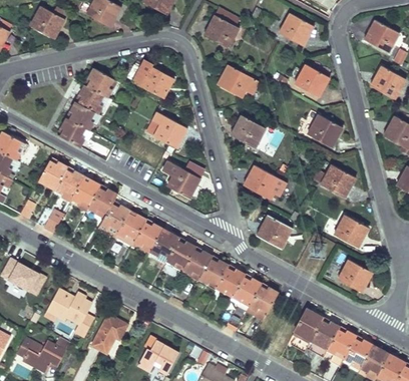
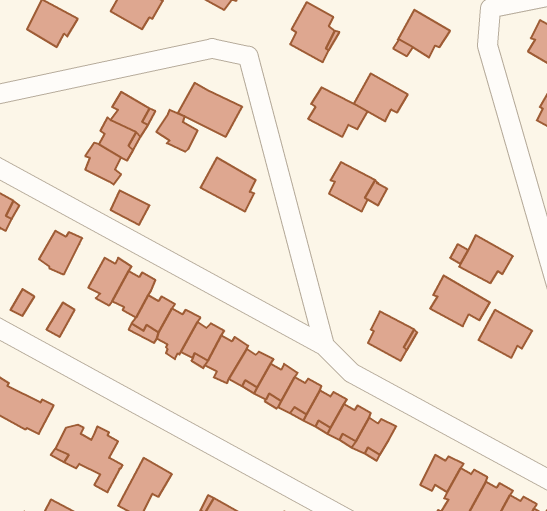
building: [294,63,330,95] -> [354,74,408,121]
building: none -> [156,110,197,152]
building: [307,113,343,145] -> none
building: [60,117,85,146] -> none
building: [161,159,199,198] -> none
building: [245,163,285,198] -> [430,275,490,326]
building: [55,169,83,201] -> none
building: [337,259,372,291] -> none

